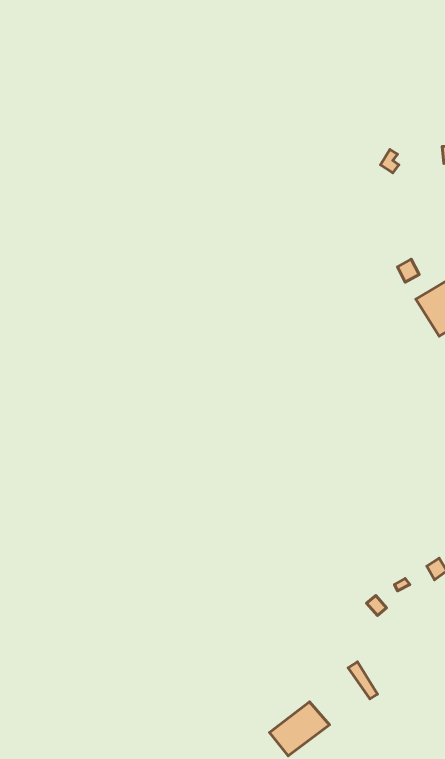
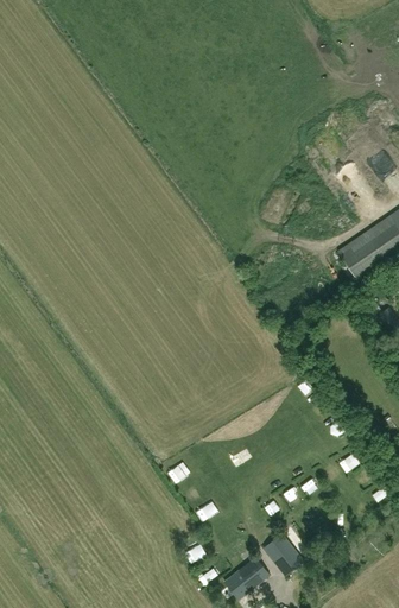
building: none -> [265,533,304,576]

